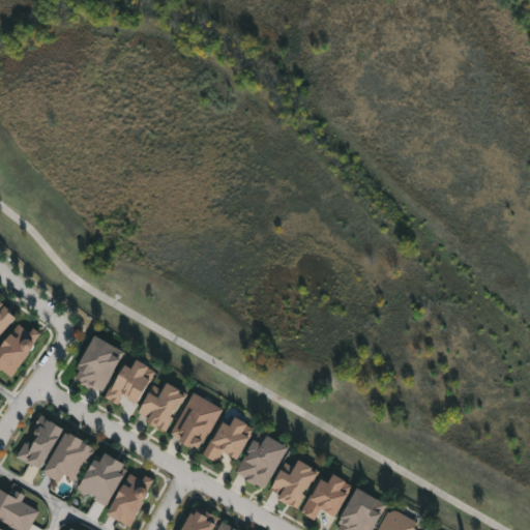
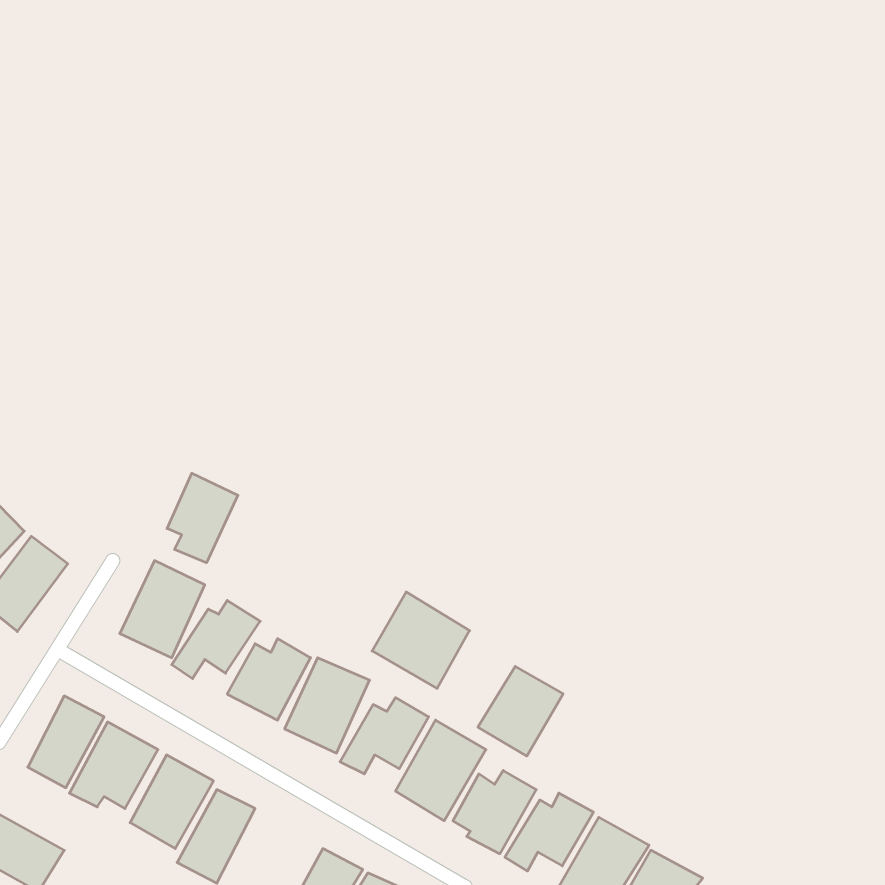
building: none -> [167,473,238,563]
building: none -> [372,592,470,688]
building: none -> [478,666,563,756]

